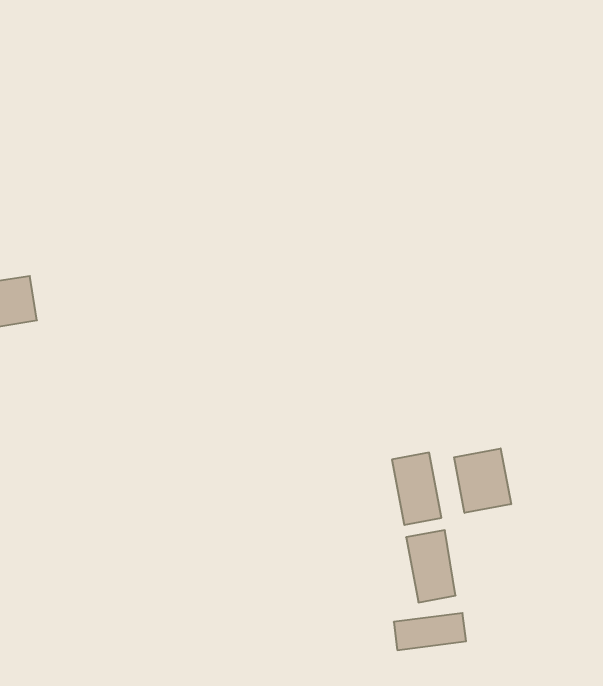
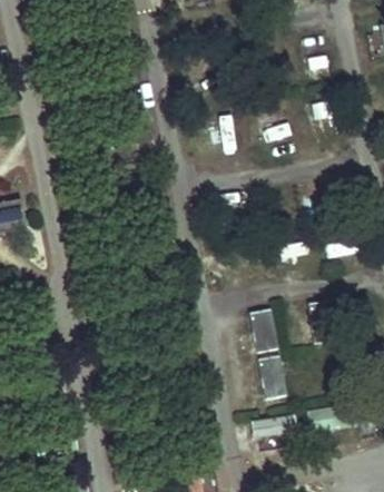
building: [454,448,511,513] -> none

